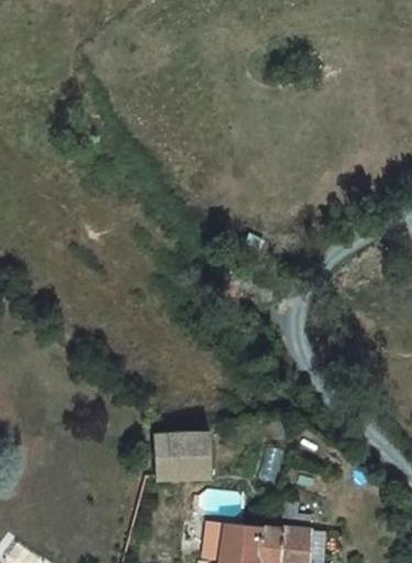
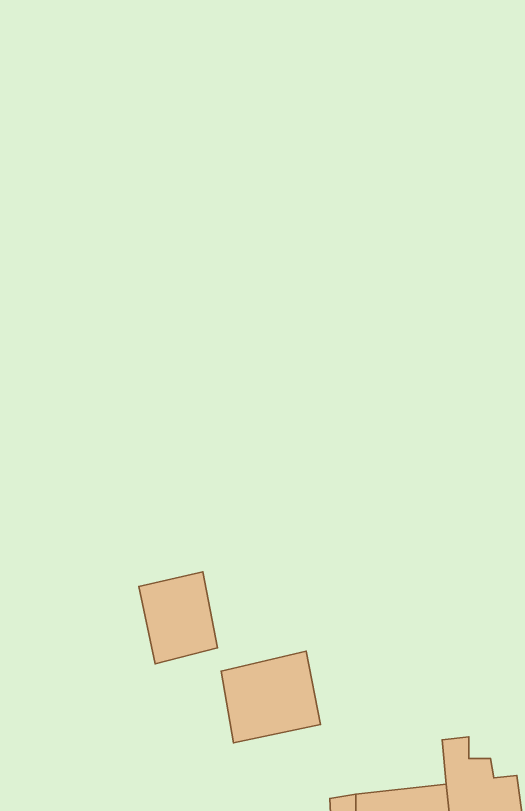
building: none -> [139,572,217,664]

